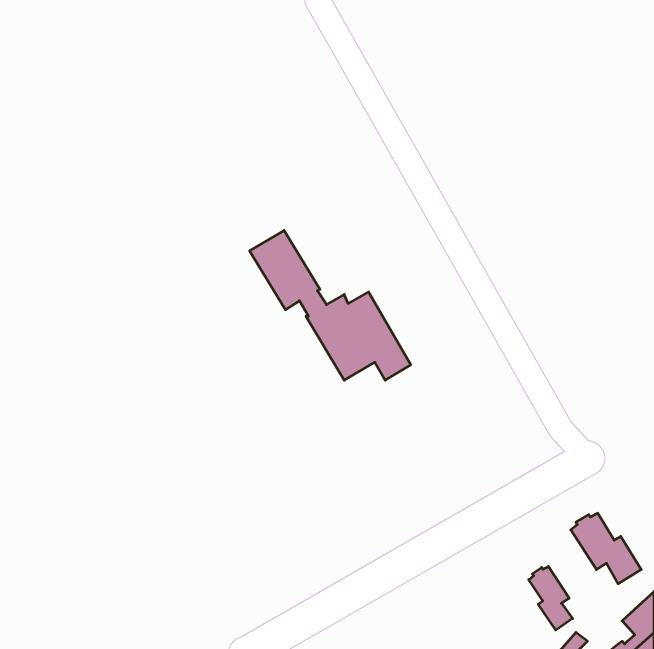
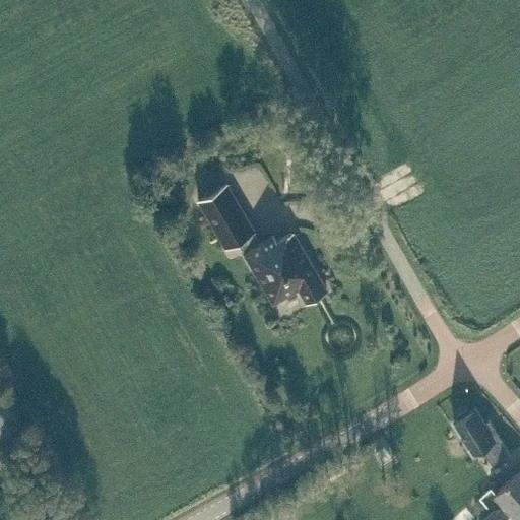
building: [529,566,573,630] -> none

